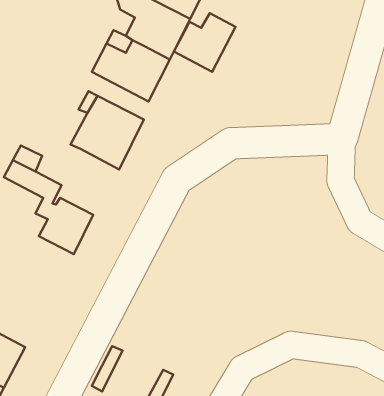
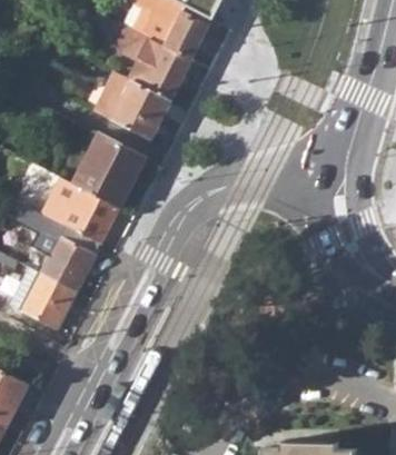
building: [174,13,236,72] -> none
building: none -> [46,179,119,243]
building: none -> [21,274,75,328]

